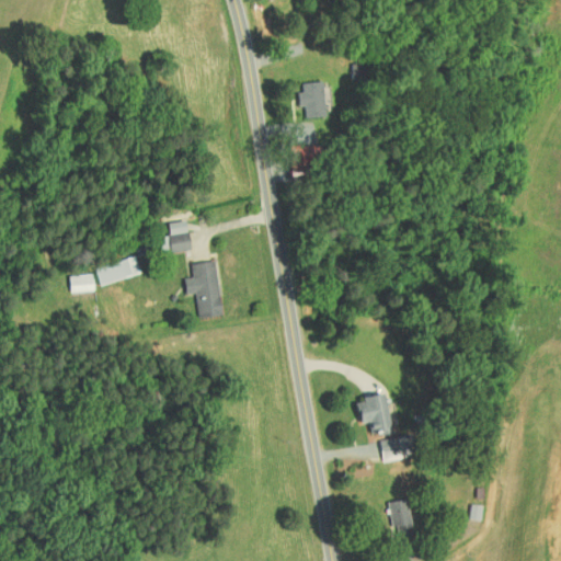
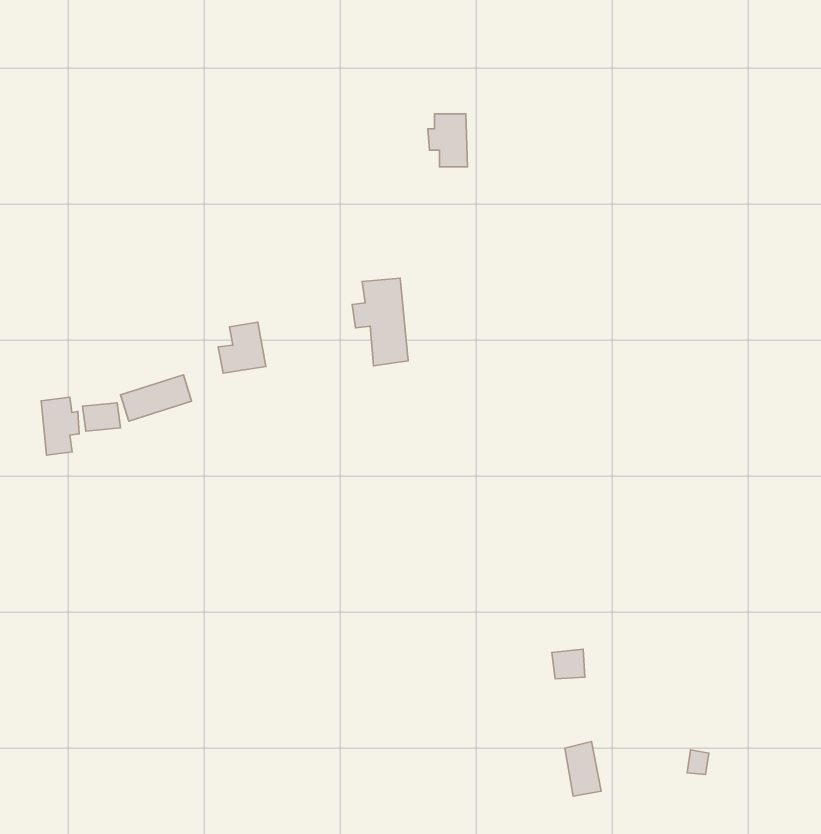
building: [185,261,222,319] -> [352,278,408,366]
building: none -> [41,397,79,455]
building: [357,396,391,435] -> none

